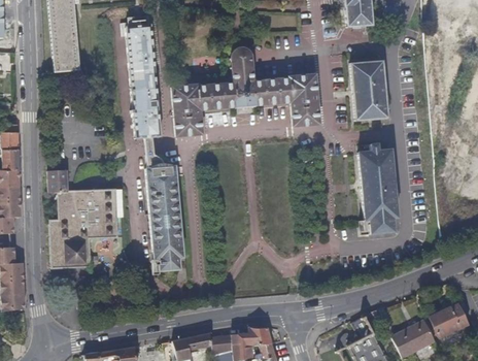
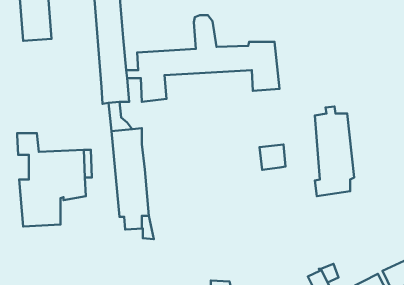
building: [348,61,388,122] -> none
building: none -> [260,145,286,170]

